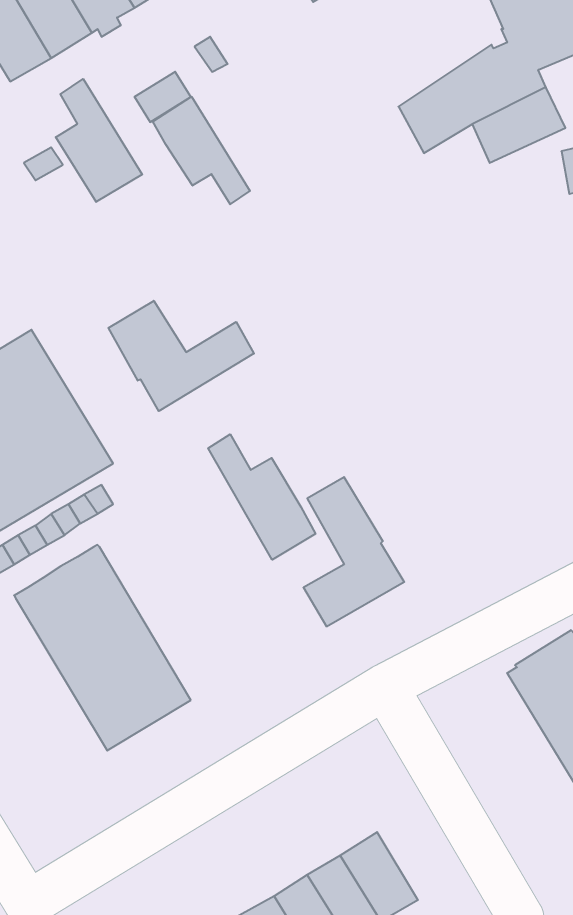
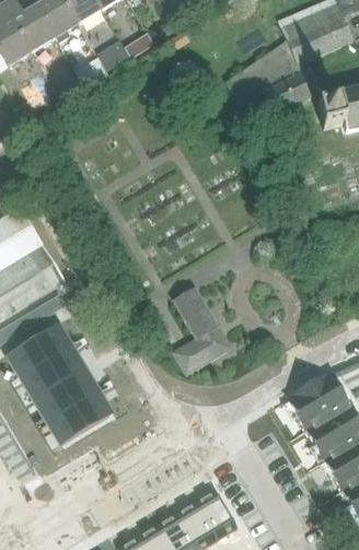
building: [56,79,142,202] -> none
building: [153,97,250,204] -> none
building: [108,301,254,411] -> none
building: [208,434,315,560] -> none

